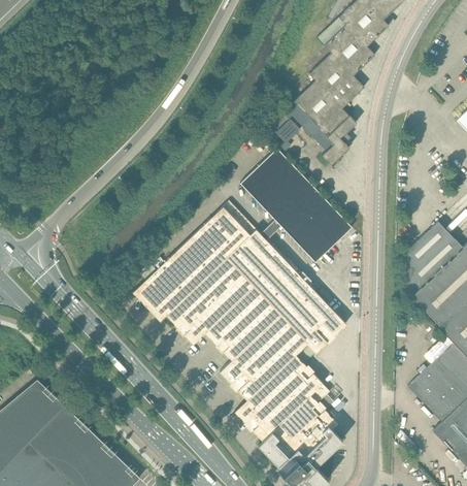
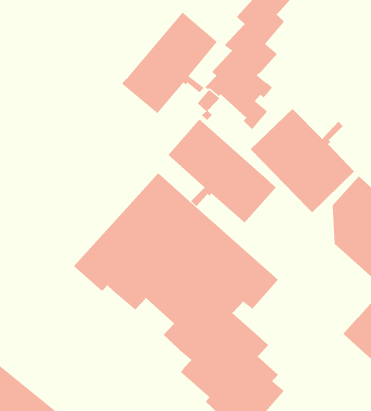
building: none -> [121,11,218,114]
building: none -> [250,108,355,213]

